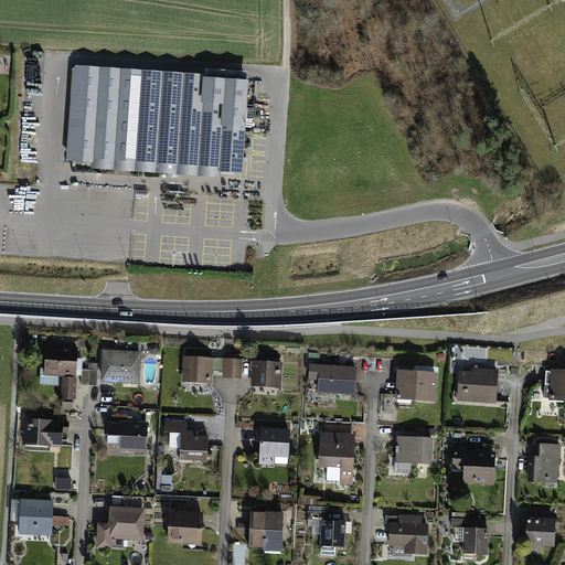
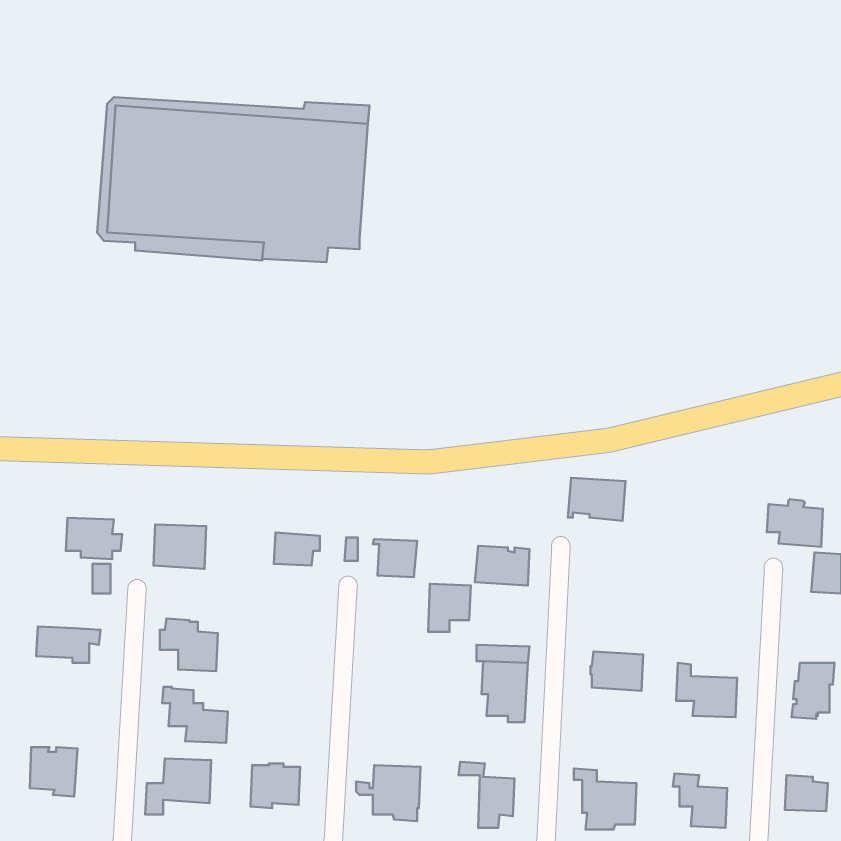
building: [458,369,495,401] -> [767,499,823,547]
building: [396,371,435,399] -> [568,478,626,521]
building: [163,420,207,458] -> [162,687,228,743]
building: [259,429,288,461] -> [428,584,471,632]

